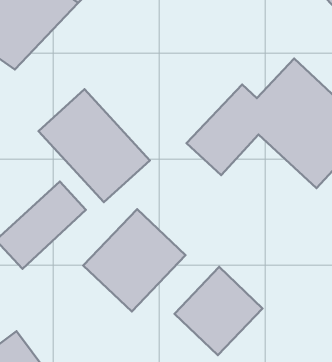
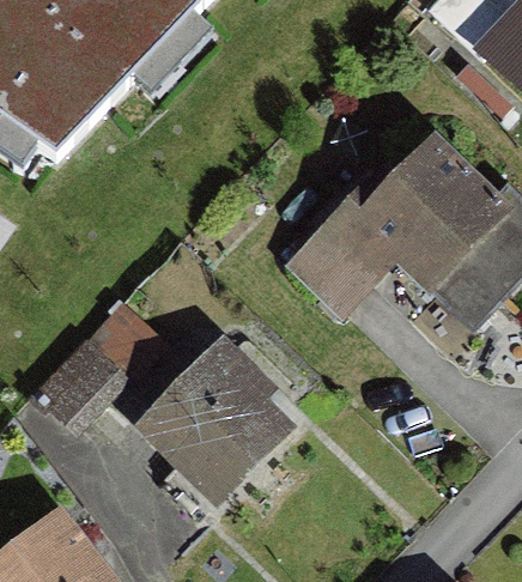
building: [38,89,150,202] -> none
building: [175,267,263,355] -> none

